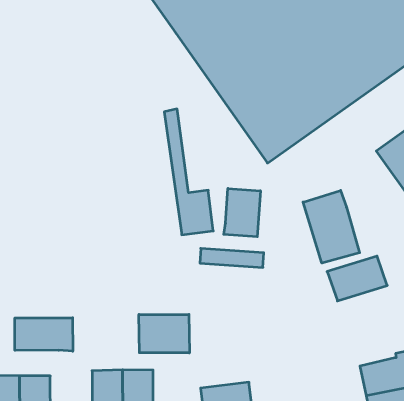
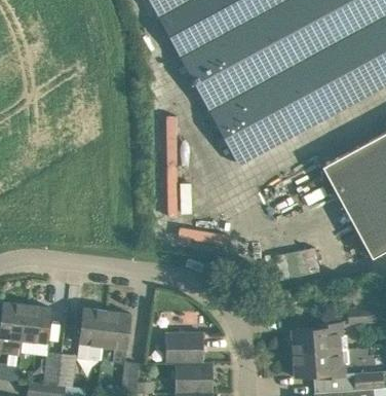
building: [224,188,260,237] -> none
building: [303,190,360,263] -> none
building: [139,314,189,353] -> none
building: [15,318,73,351] -> none

